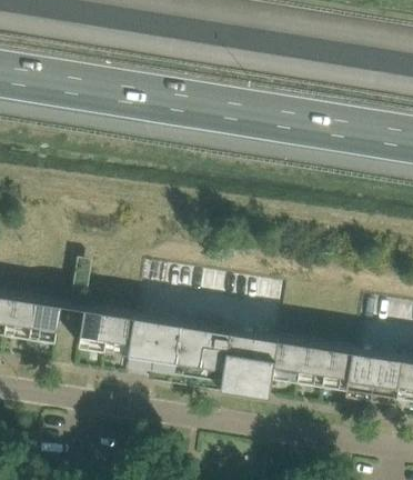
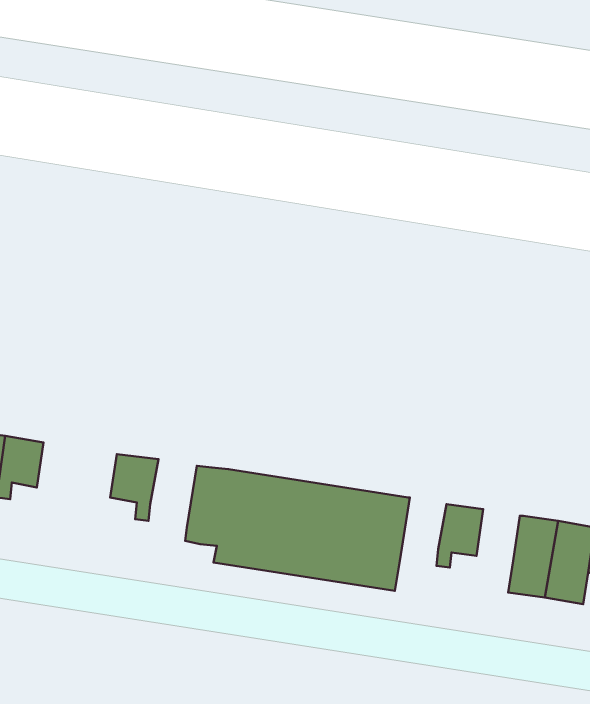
building: [29,301,62,343] -> none
building: [107,312,138,358] -> none
building: [273,338,304,381] -> none
building: [322,346,353,389] -> none

